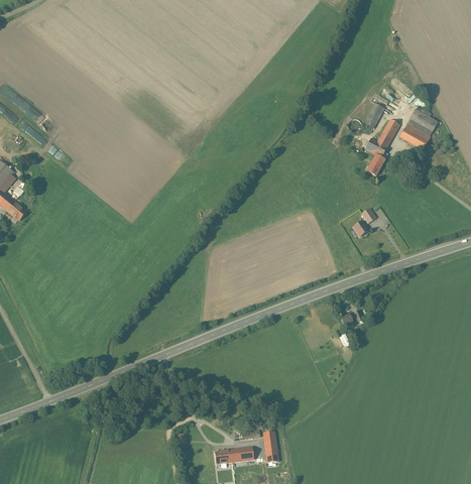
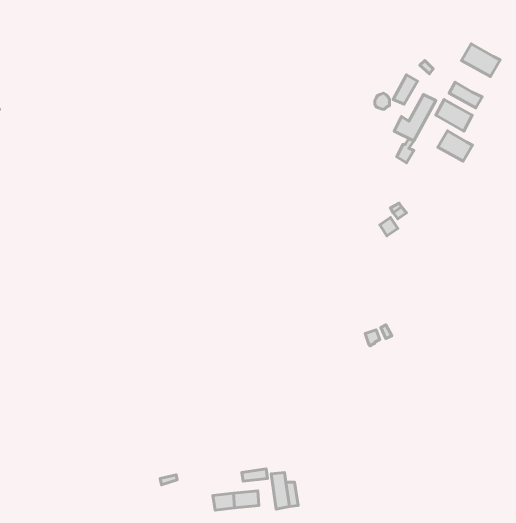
building: none -> [462,44,500,76]
building: none -> [438,131,473,161]

